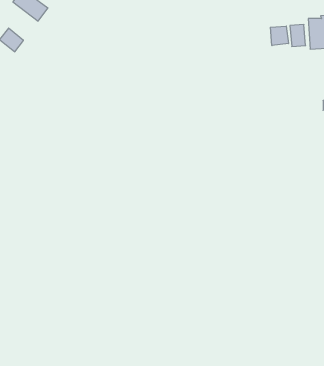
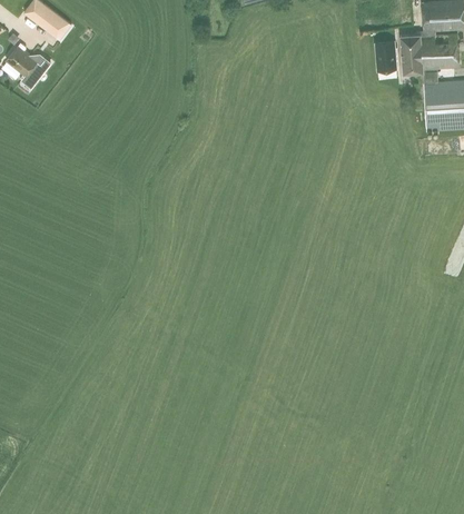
building: [270,26,288,46] -> none

